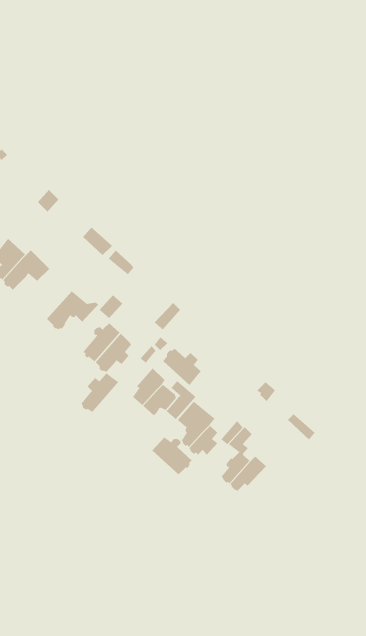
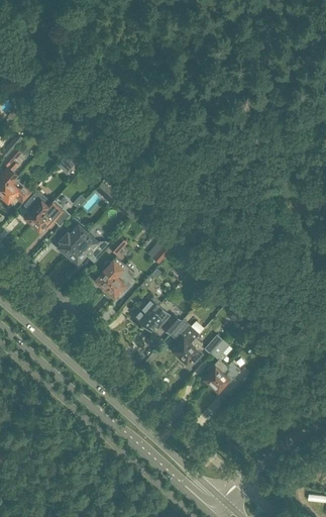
building: none -> [57,226,87,256]
building: [162,348,201,386] -> none
building: [81,373,119,413] -> none
building: [152,436,193,475] -> none

